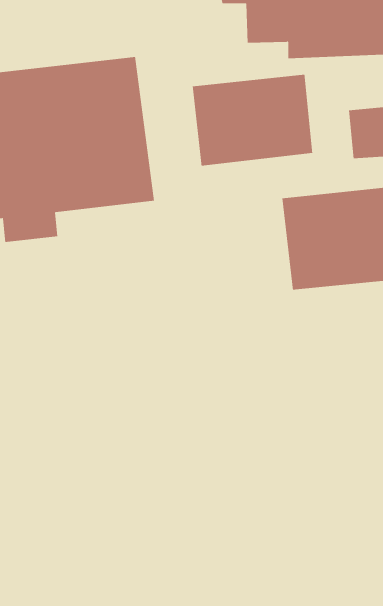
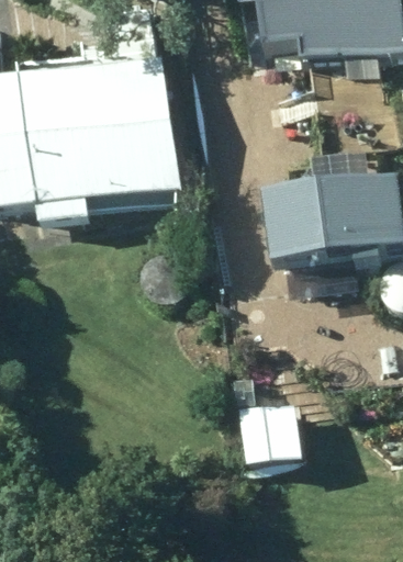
building: [192,74,313,167] -> none

